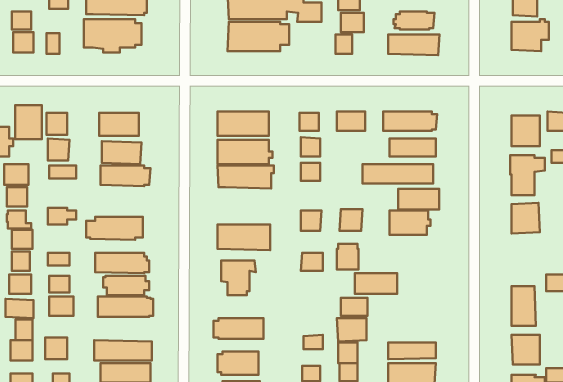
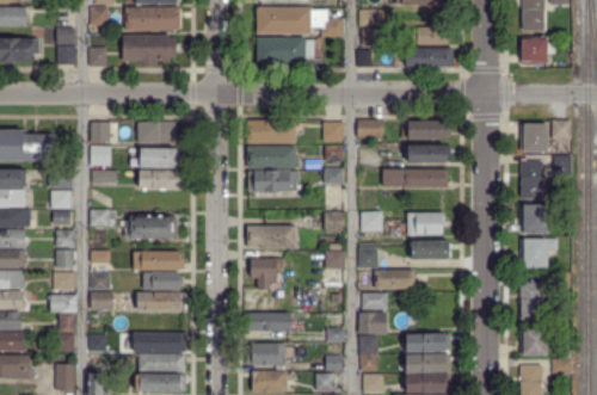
building: [15,105,42,139] -> none
building: [398,189,439,209] -> [411,241,449,260]
building: none -> [519,239,556,267]

